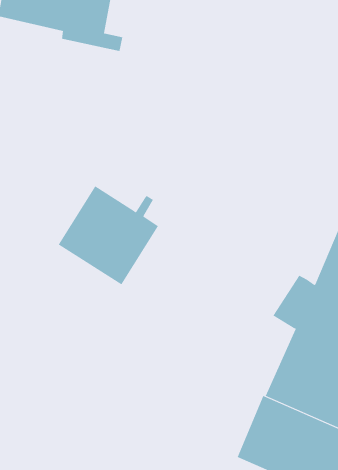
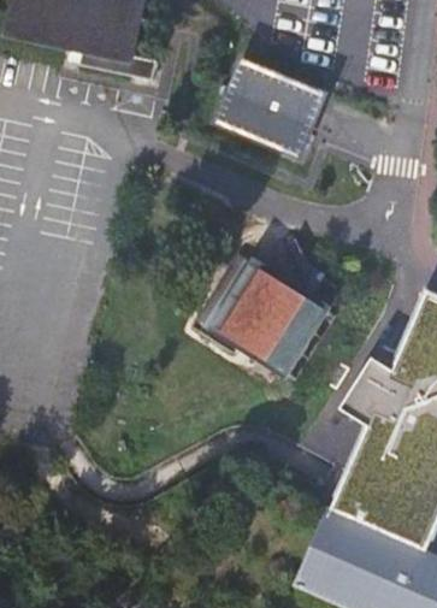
building: none -> [212,55,327,160]
building: [58,185,159,285] -> [206,258,331,382]

